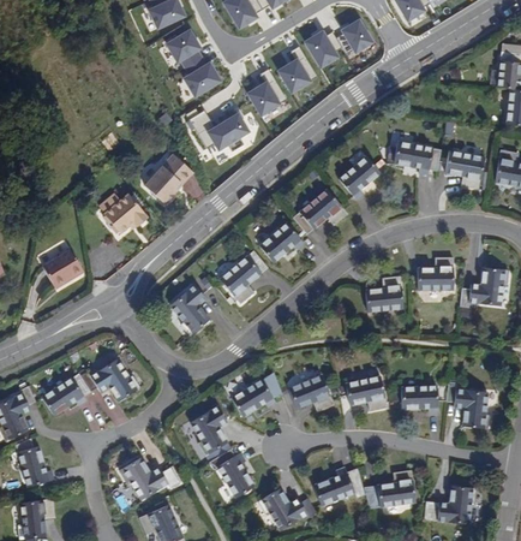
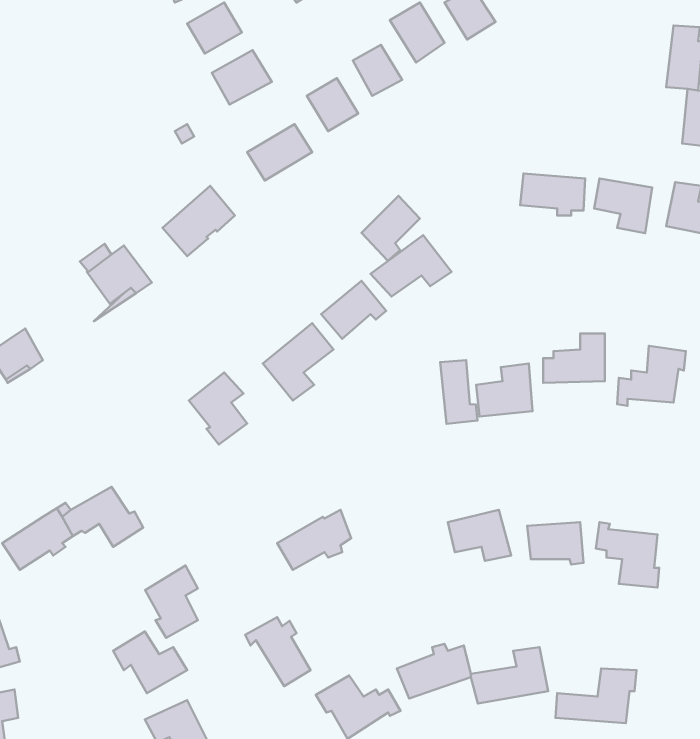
building: [337,153,377,197] -> [362,196,420,261]
building: none -> [440,360,477,424]
building: [286,375,331,412] -> none
building: [188,404,224,453] -> [145,566,198,638]

